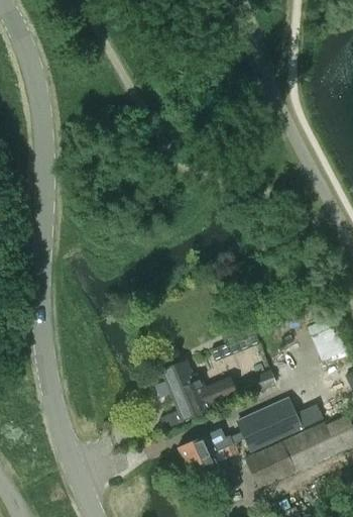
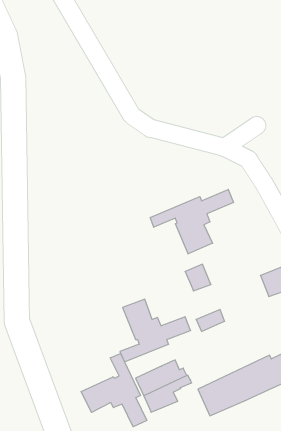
building: none -> [150,189,234,254]
building: [237,399,323,451] -> none
building: none -> [81,353,147,427]

